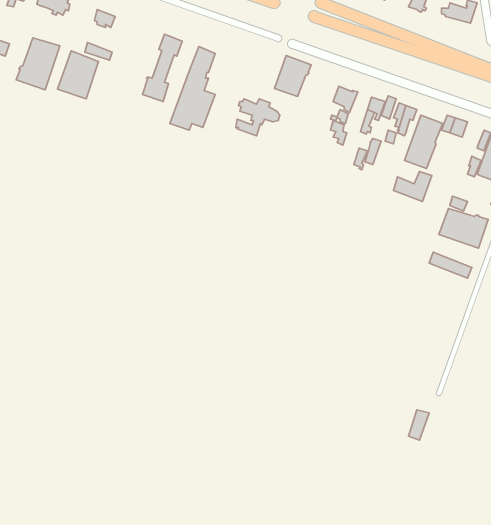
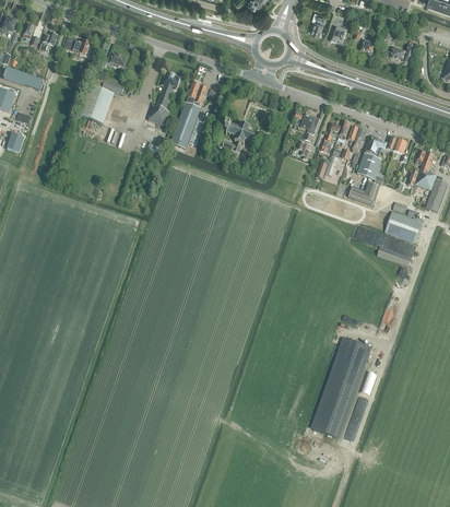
building: [16,38,60,90] -> none
building: [274,55,311,96] -> none
building: none -> [312,337,369,437]

